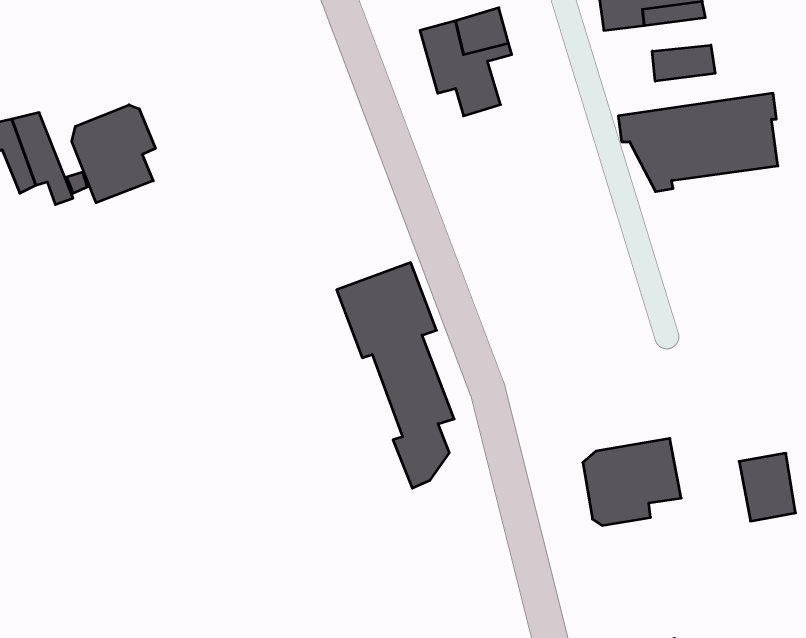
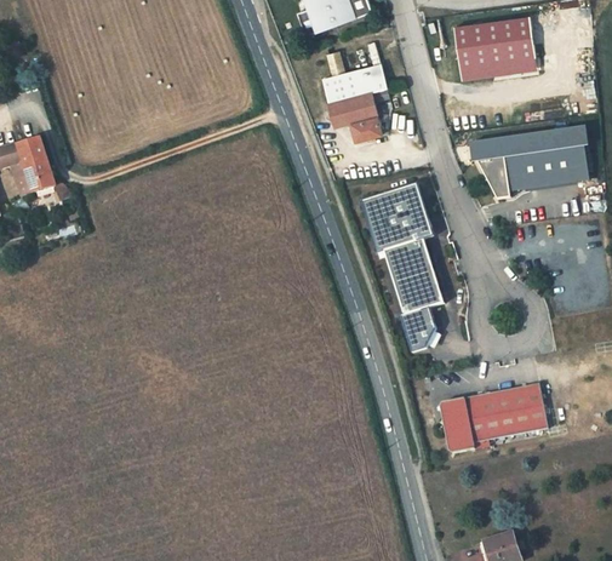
building: [652,45,715,81] -> none
building: [72,105,155,203] -> none
building: [337,263,454,488] -> [360,184,448,354]
building: [739,453,796,521] -> [507,378,549,429]

